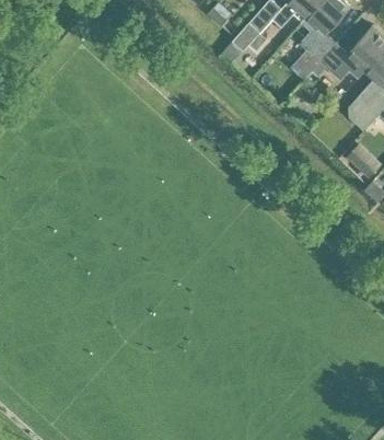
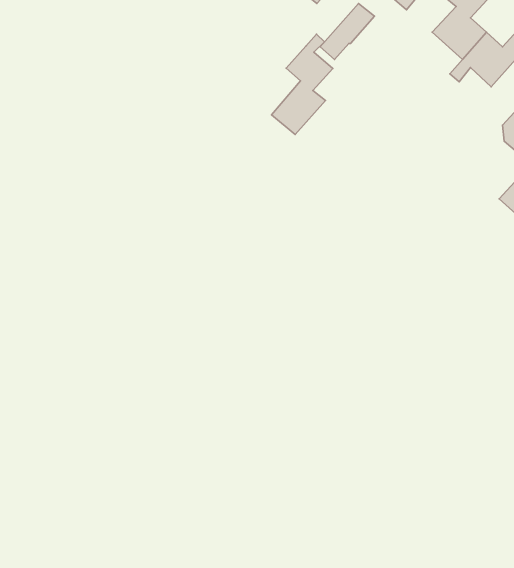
building: none -> [271,34,333,135]

